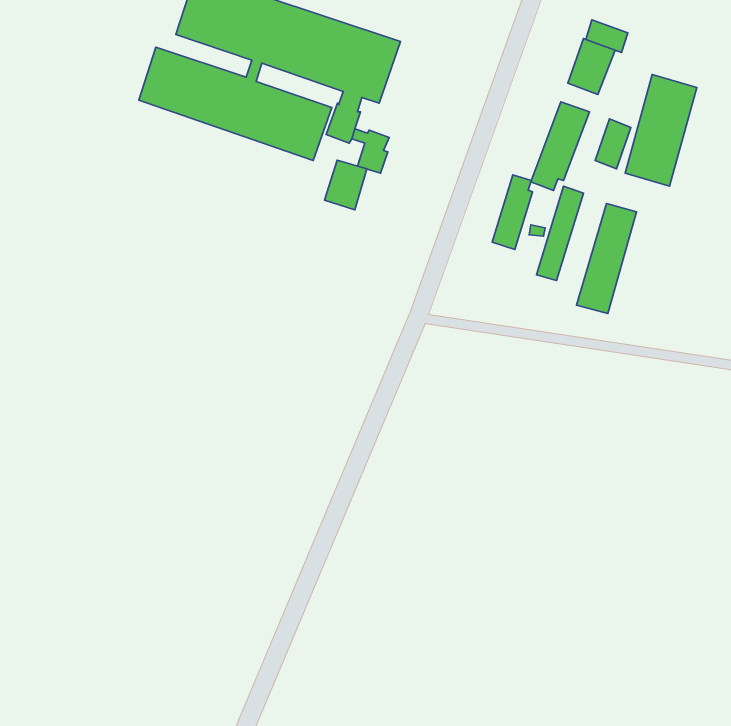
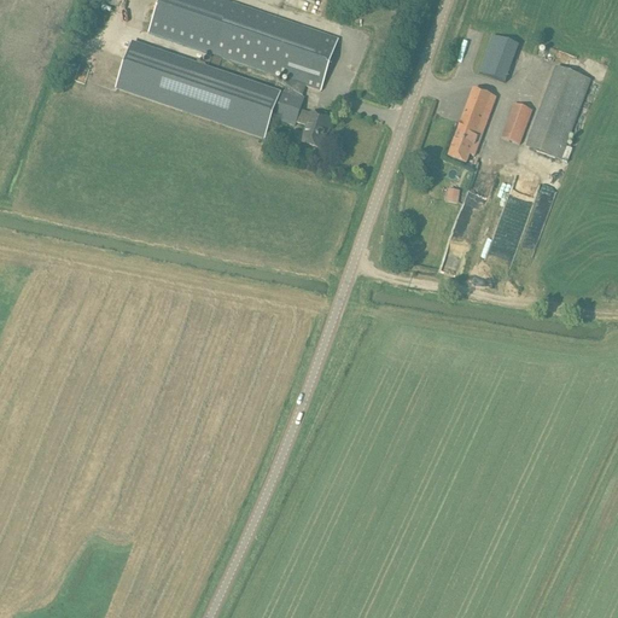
building: [586,20,628,52] -> none
building: [324,160,367,210] -> none
building: [492,175,532,250] -> none

